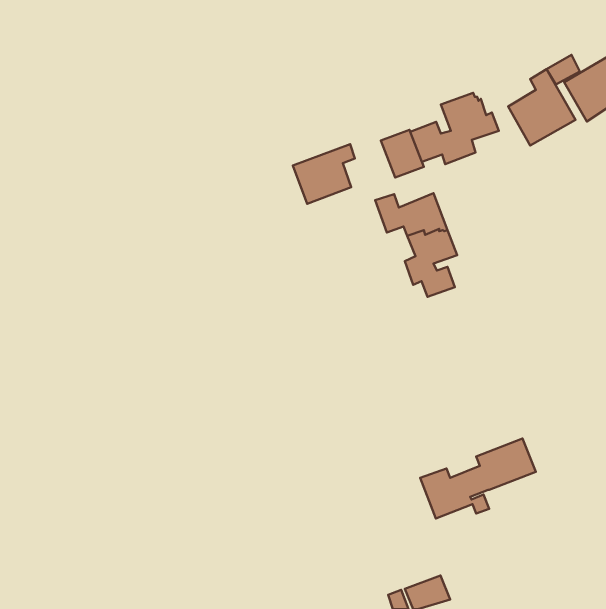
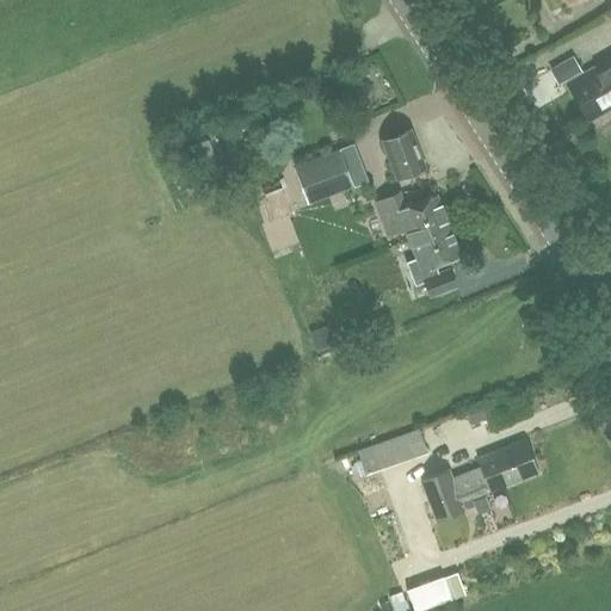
building: [508,69,575,146] -> none
building: [410,93,499,164] -> none
building: none -> [359,430,428,473]

